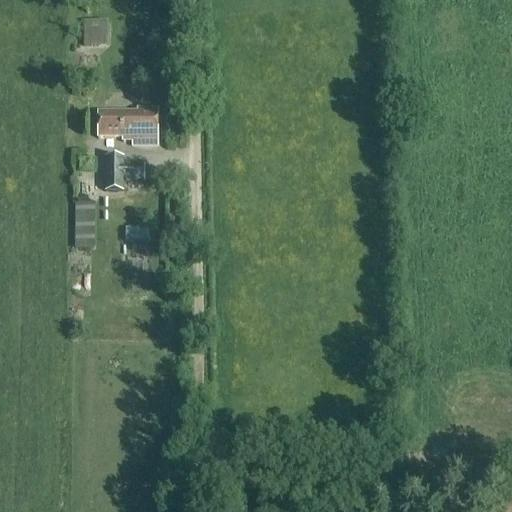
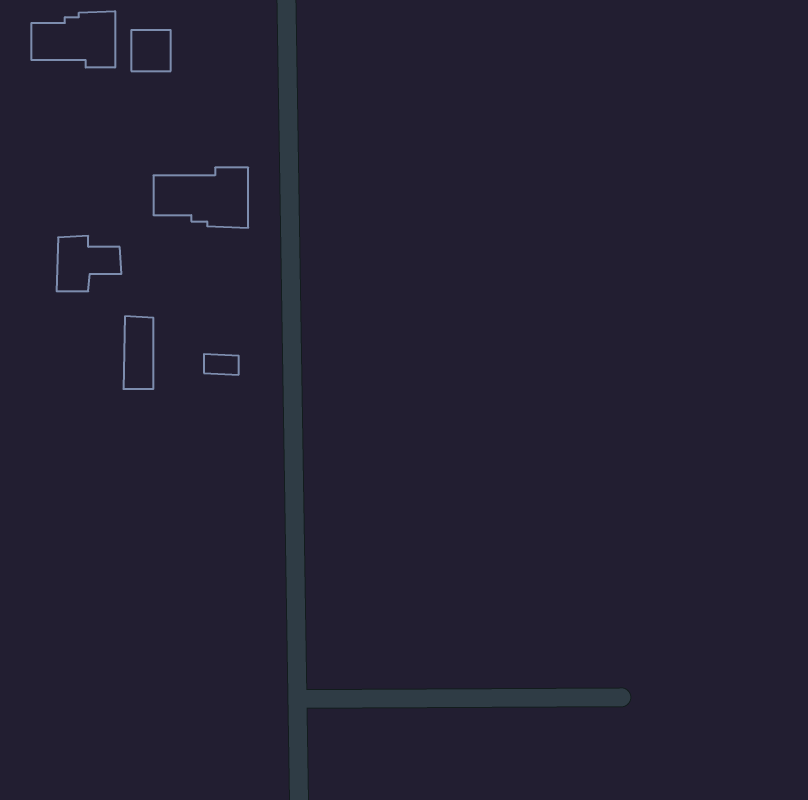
building: none -> [31,11,115,68]
building: [103,155,144,190] -> [57,236,121,291]

